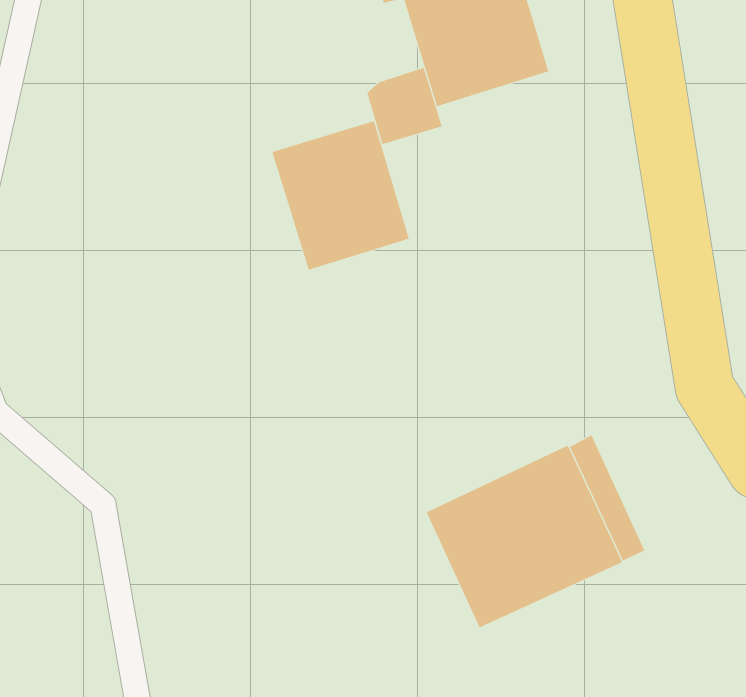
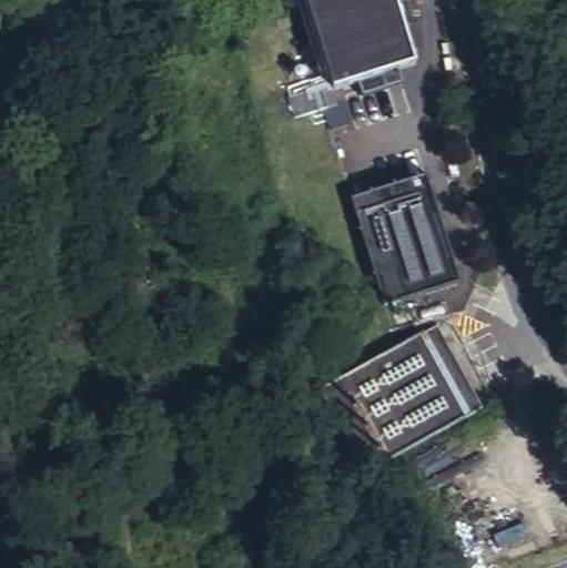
building: [272,121,410,270] -> none
building: none -> [351,169,459,300]

